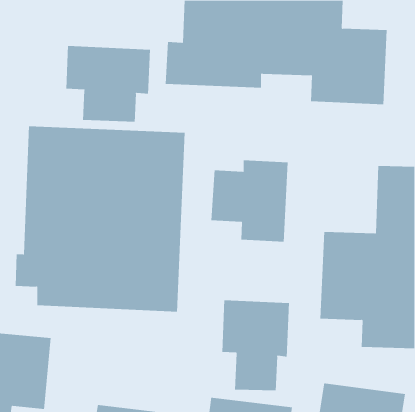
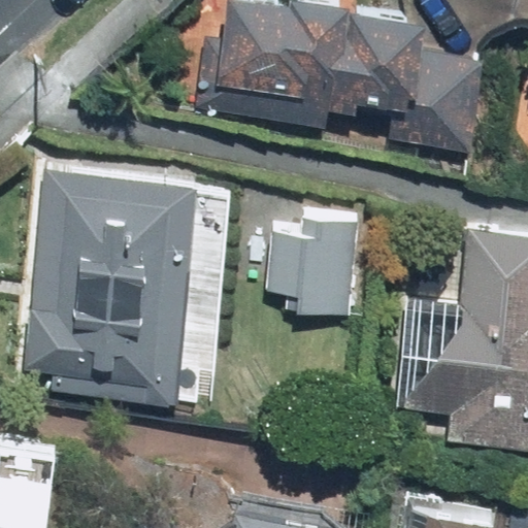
building: [66,45,150,122] -> none
building: [222,299,290,391] -> none

